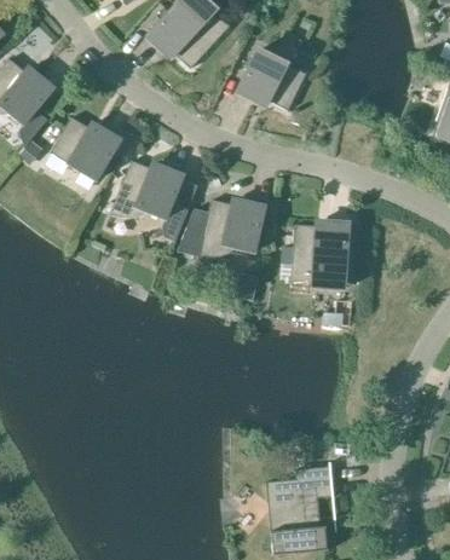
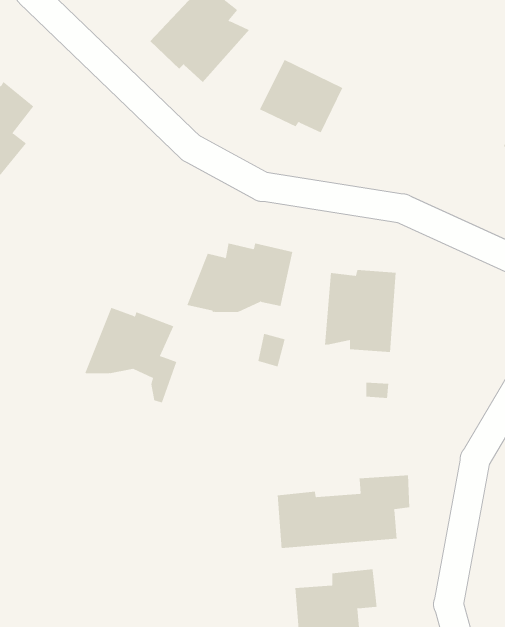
building: [51,117,120,180] -> none
building: [110,161,186,239] -> [84,307,177,403]
building: none -> [277,474,414,549]

